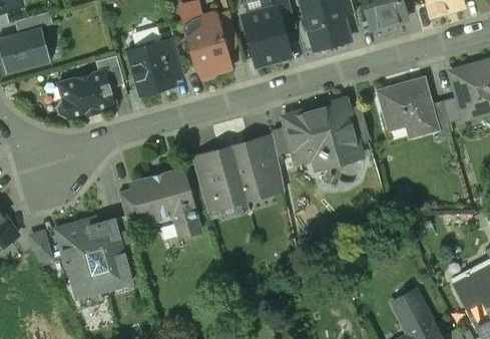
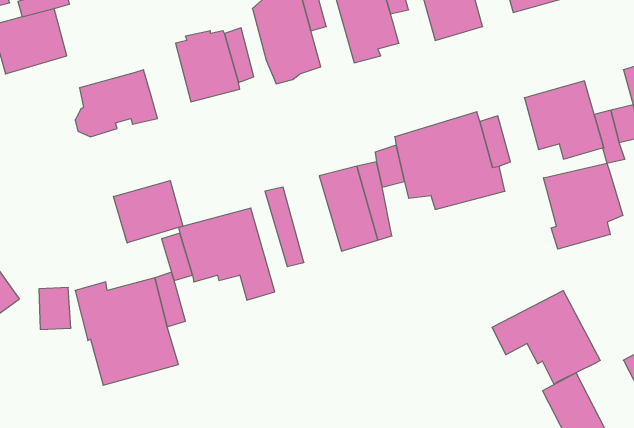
building: [95,55,124,87] -> none
building: none -> [544,163,623,249]
building: [205,146,248,209] -> none
building: none -> [113,181,183,243]
building: none -> [492,291,600,384]

